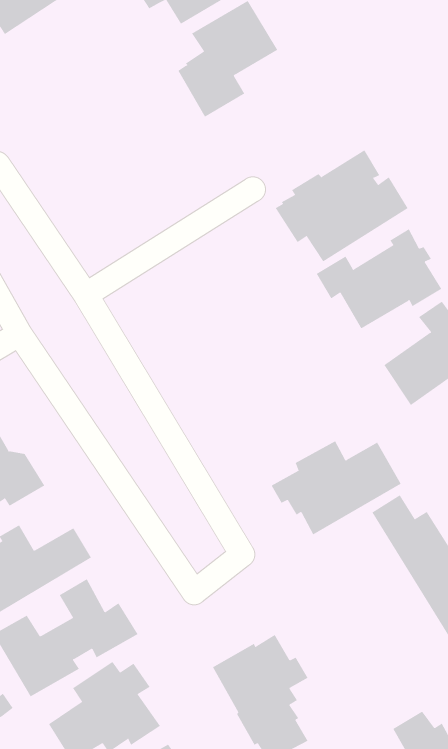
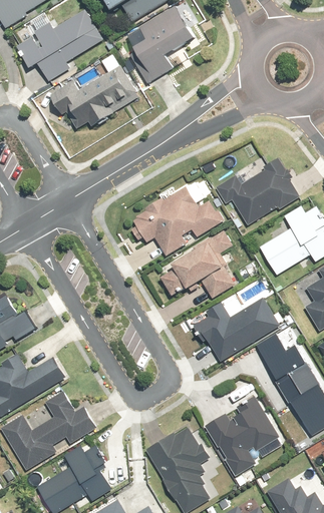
building: none -> [9,8,98,80]
building: none -> [50,64,140,128]
building: [275,150,409,262] -> [134,180,224,255]
building: none -> [161,229,235,298]
building: none -> [206,395,283,474]

